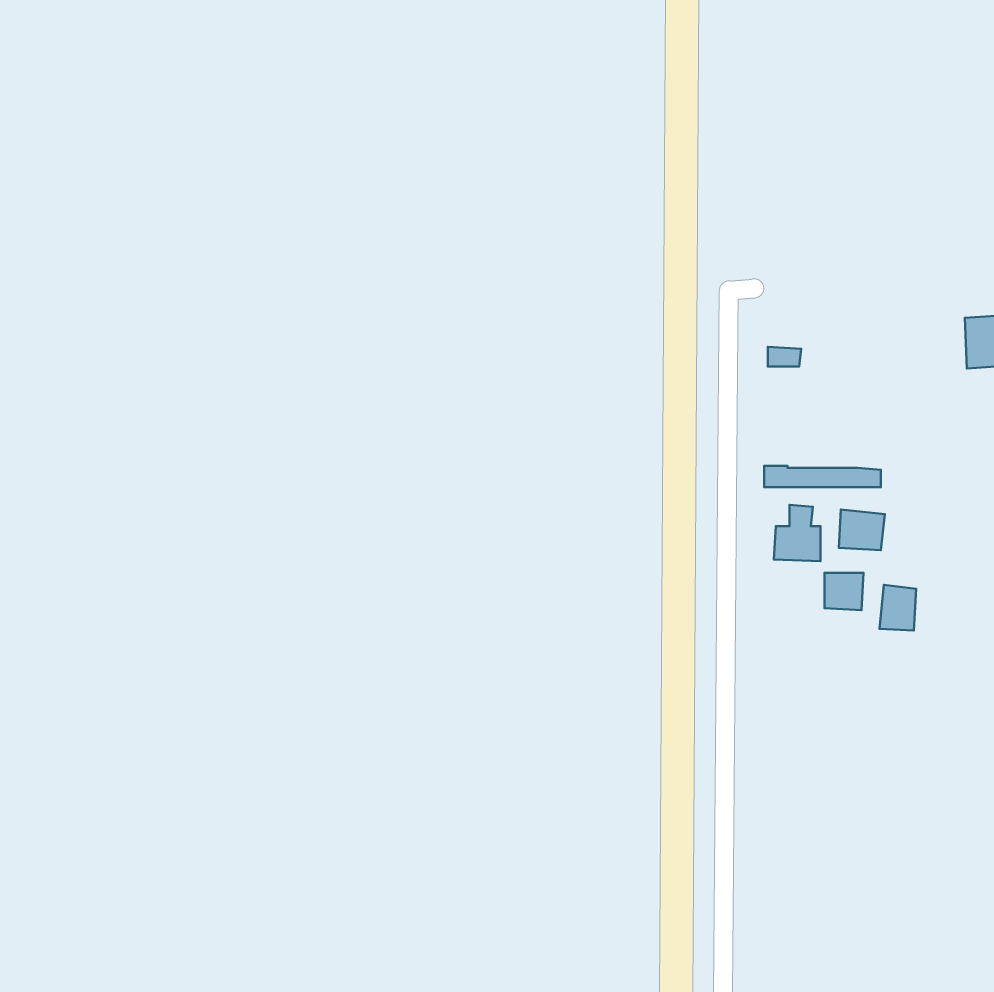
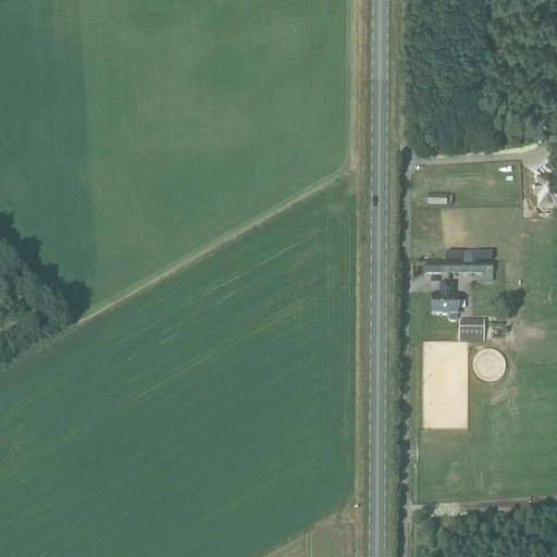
building: [839,510,885,550] -> none
building: [879,585,916,631] -> none

